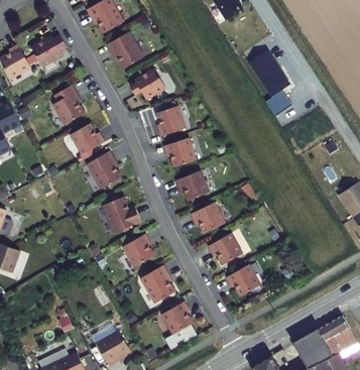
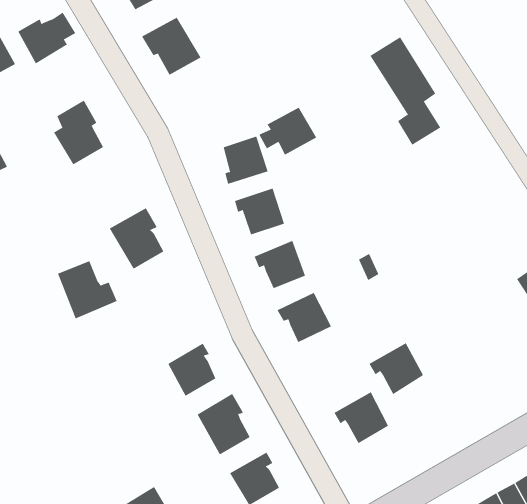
building: [130,71,166,101] -> [258,107,317,156]
building: [67,115,101,154] -> none
building: [103,199,140,235] -> [57,261,117,319]
building: [208,235,242,267] -> [369,343,424,395]

